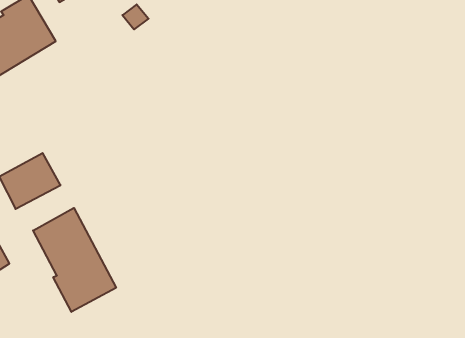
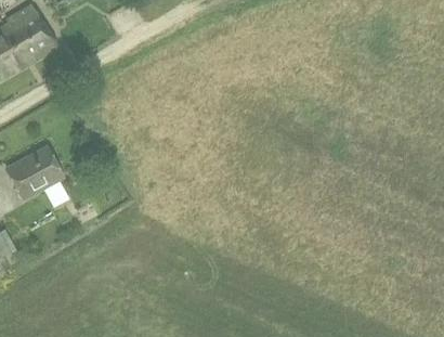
building: [33,208,116,312] -> none

